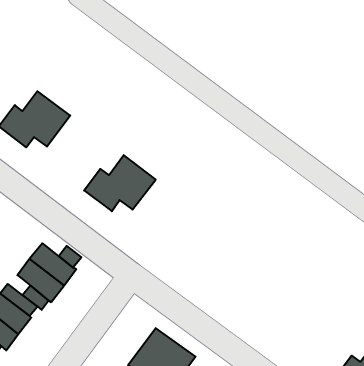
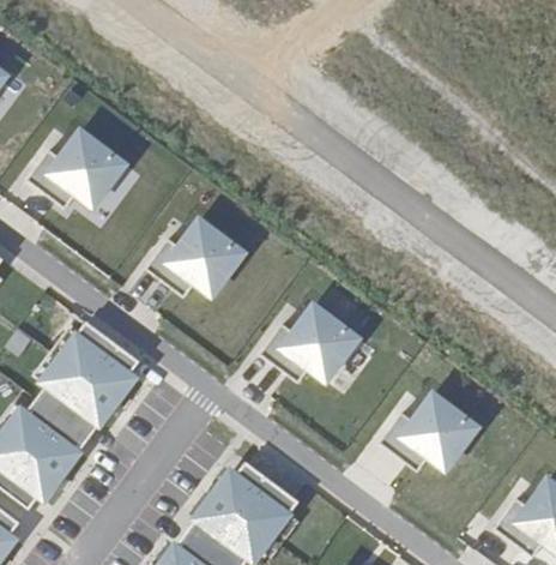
building: none -> [264,307,363,385]
building: none -> [379,392,478,470]

